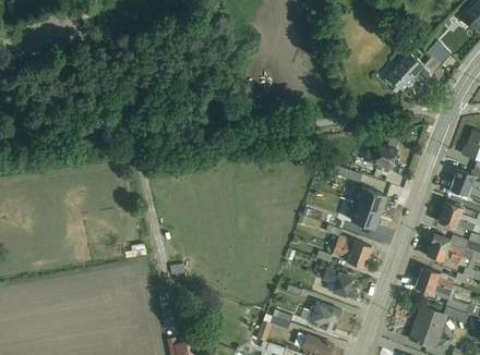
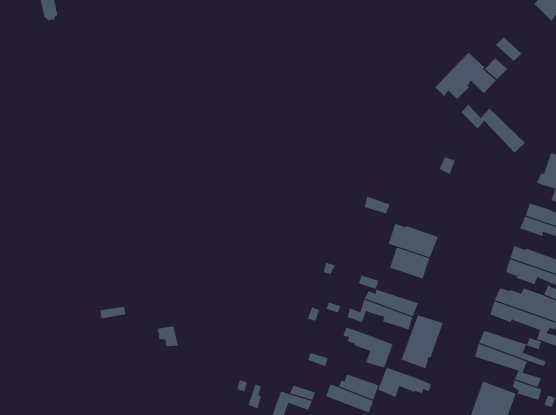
building: none -> [461,104,526,154]
building: [365,143,396,168] -> none
building: none -> [401,314,444,369]
building: none -> [378,367,432,398]

